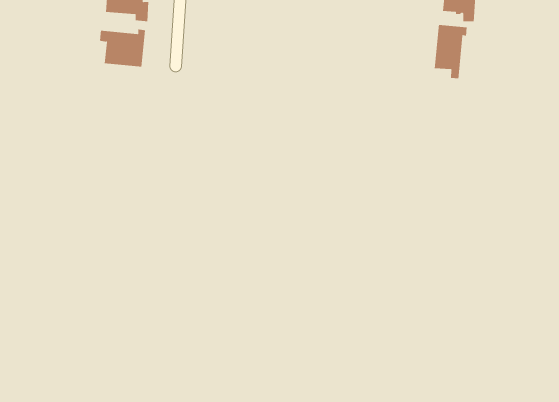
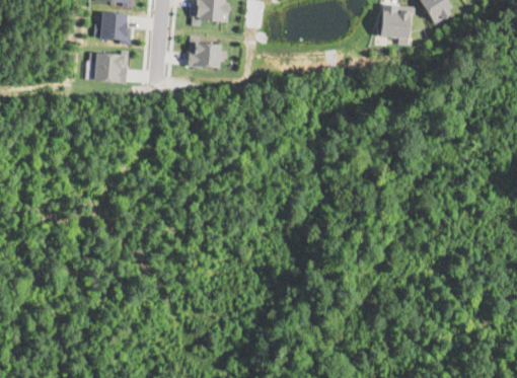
building: none -> [190,35,228,68]
building: [434,24,467,79] -> none

